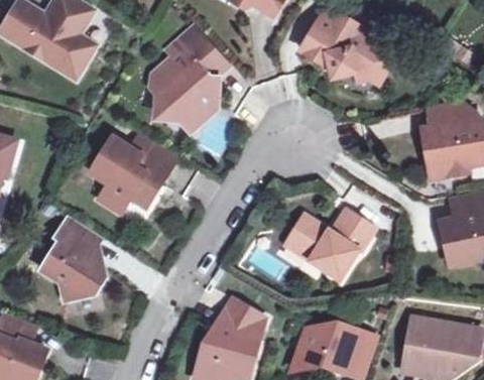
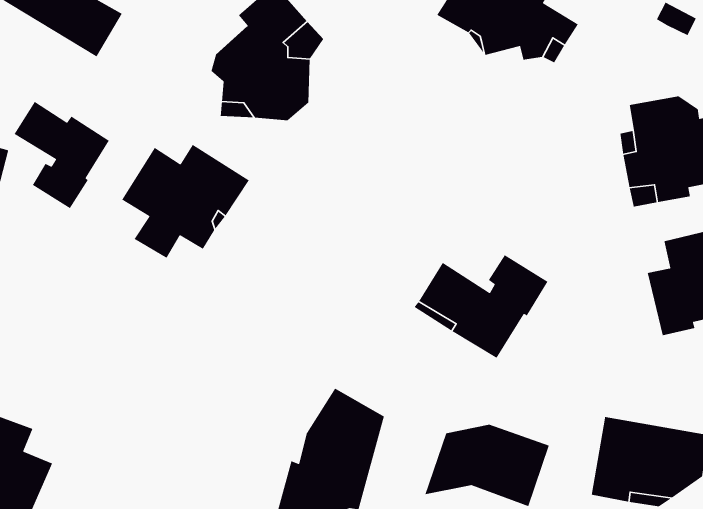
building: none -> [13,101,110,209]
building: [40,217,102,301] -> none

